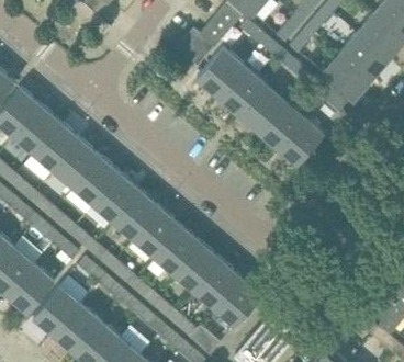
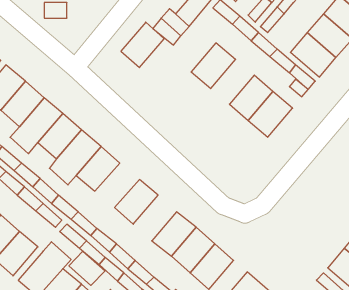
building: [197,48,243,97] -> [121,22,164,68]
building: [237,83,283,131] -> none
building: [114,193,161,240] -> none
building: [155,227,201,275] -> none
building: none -> [69,251,105,285]

